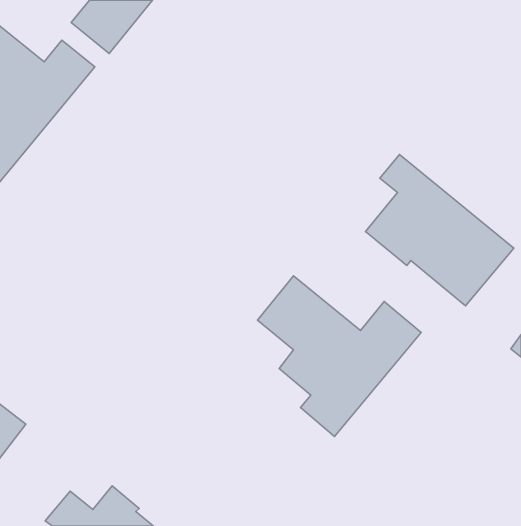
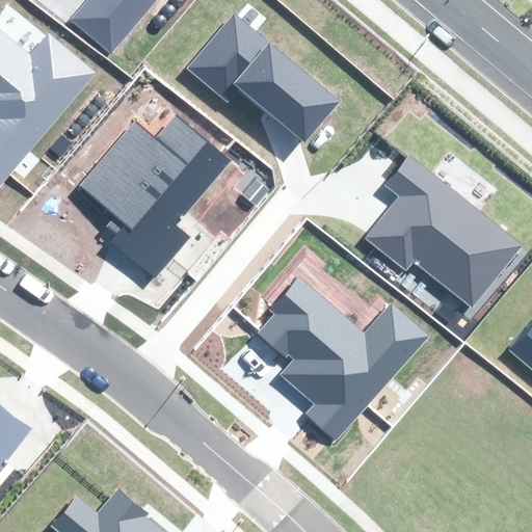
building: none -> [188,14,341,138]
building: none -> [81,114,230,273]

